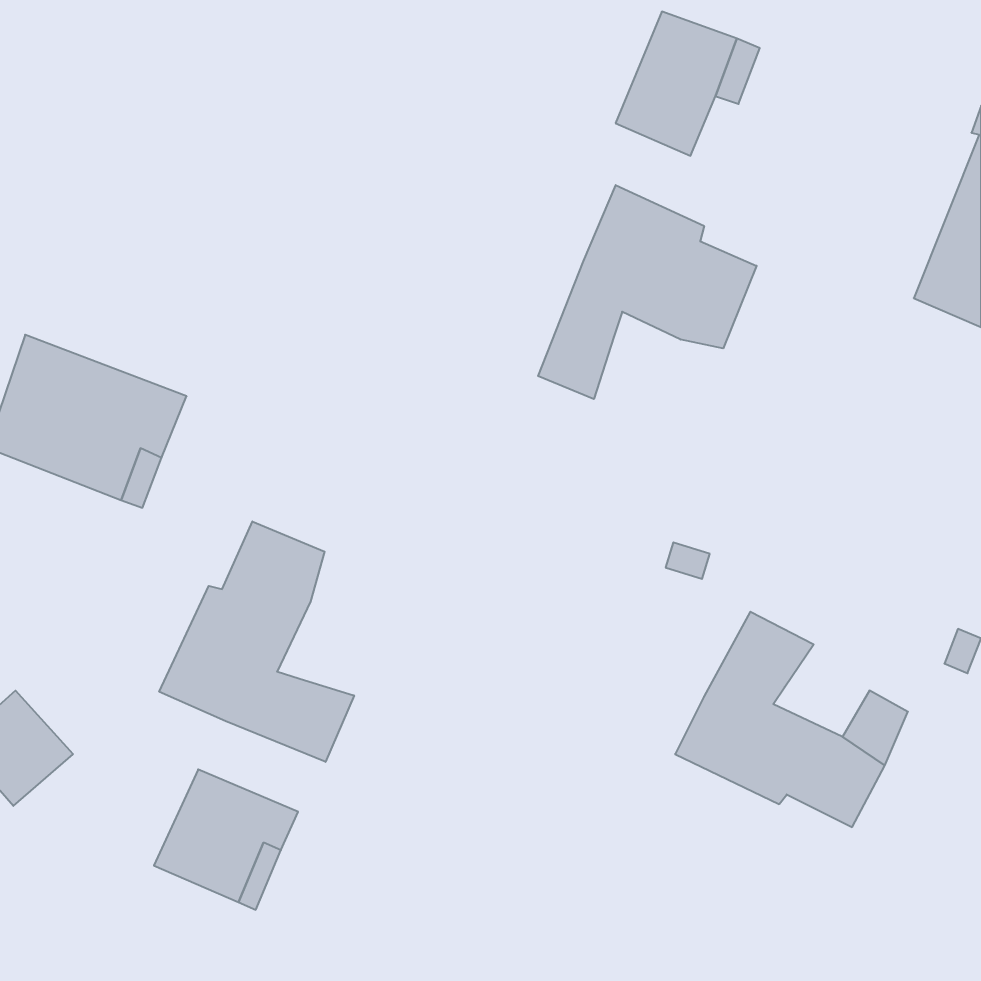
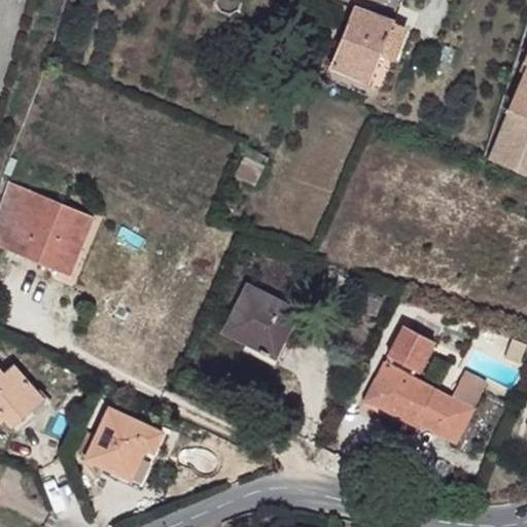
building: [538,185,757,399] -> none
building: none -> [222,280,295,351]
building: [159,521,354,762] -> none

